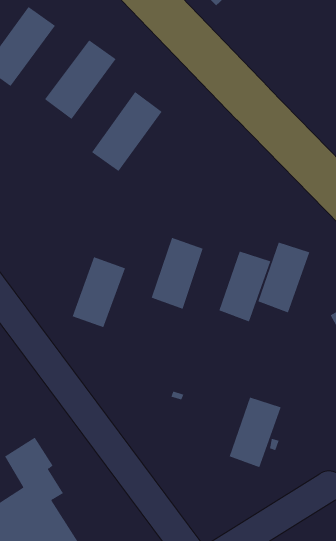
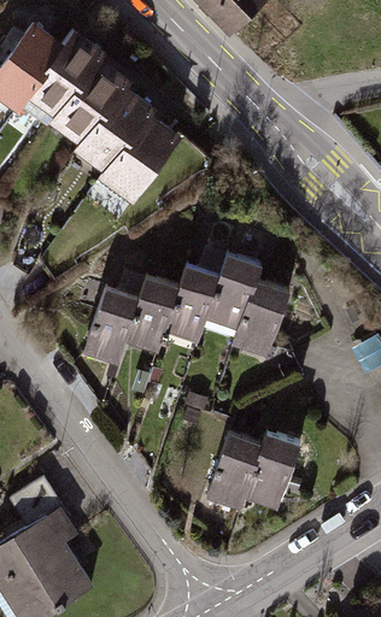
building: none -> [28,30,102,114]
building: none -> [76,86,151,170]
building: [257,242,310,313] -> [206,254,262,329]
building: none -> [123,275,178,349]
building: none -> [207,431,263,507]

